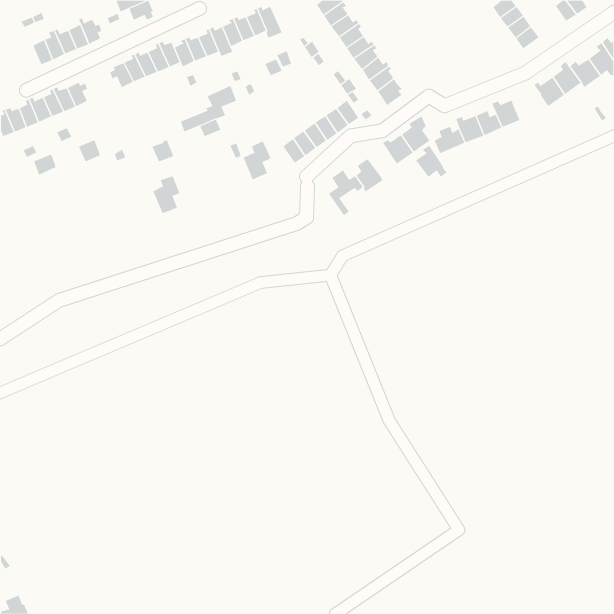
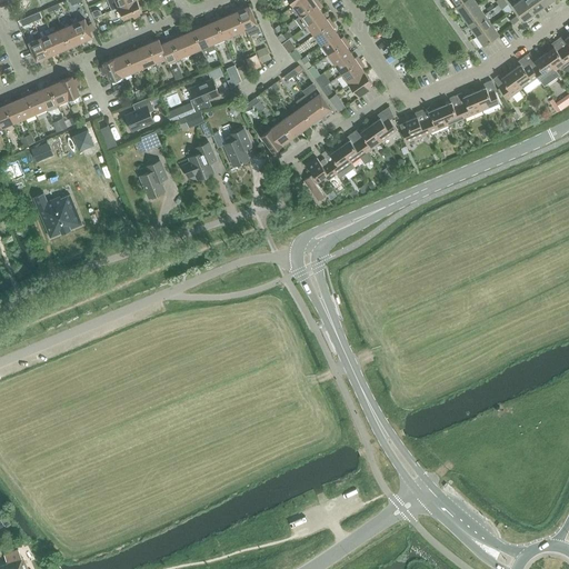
building: none -> [473,80,500,111]
building: none -> [126,98,154,130]
building: [415,145,447,177] -> [340,132,370,162]
building: none -> [180,143,216,180]
building: none -> [33,193,82,238]

